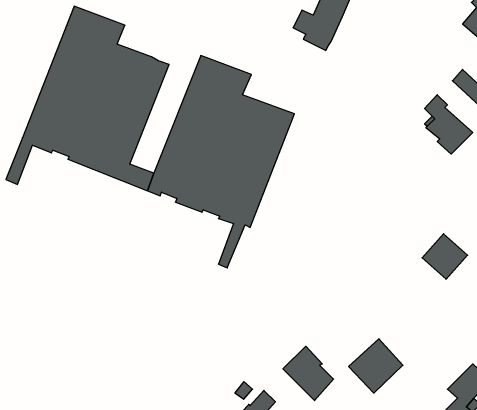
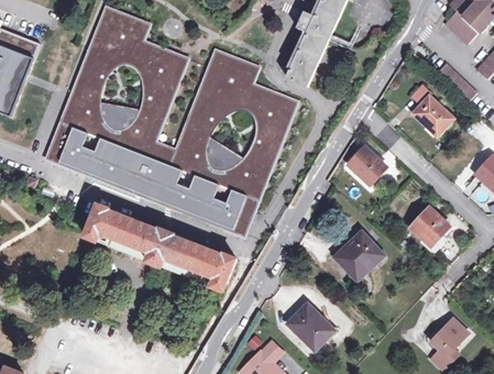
building: none -> [286,35,325,86]
building: none -> [56,128,244,231]
building: none -> [345,145,384,183]
building: none -> [85,202,235,289]
building: [349,339,403,393] -> [334,231,382,278]

